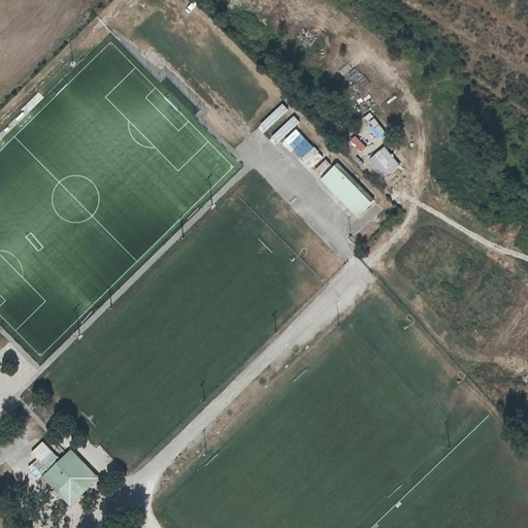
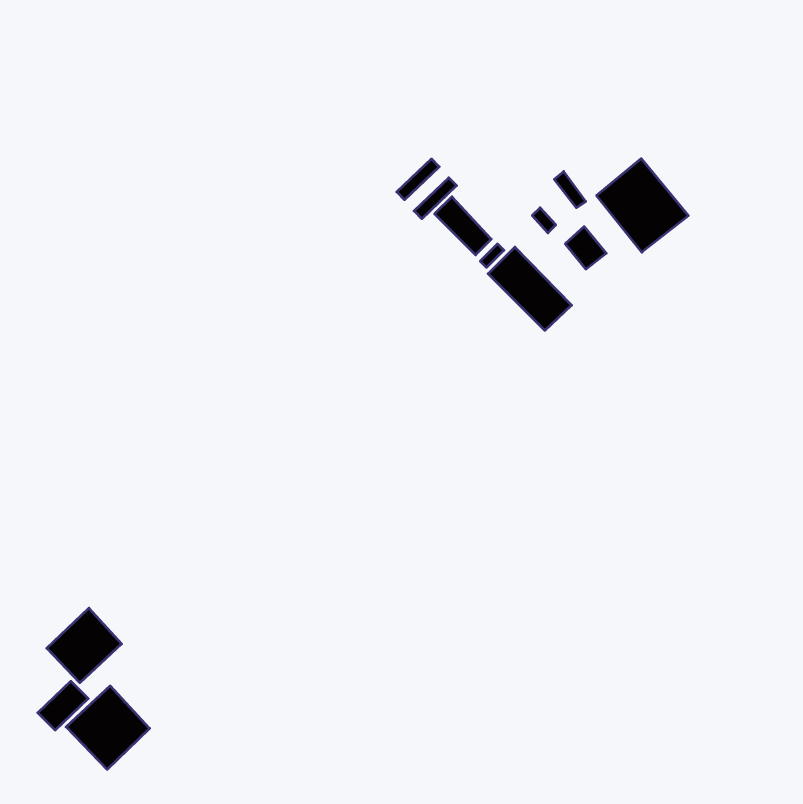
building: none -> [597,159,688,252]
building: none -> [47,608,122,683]

